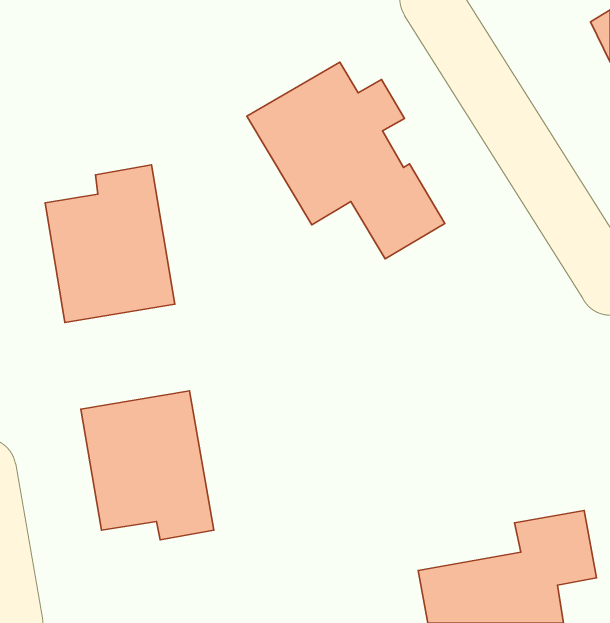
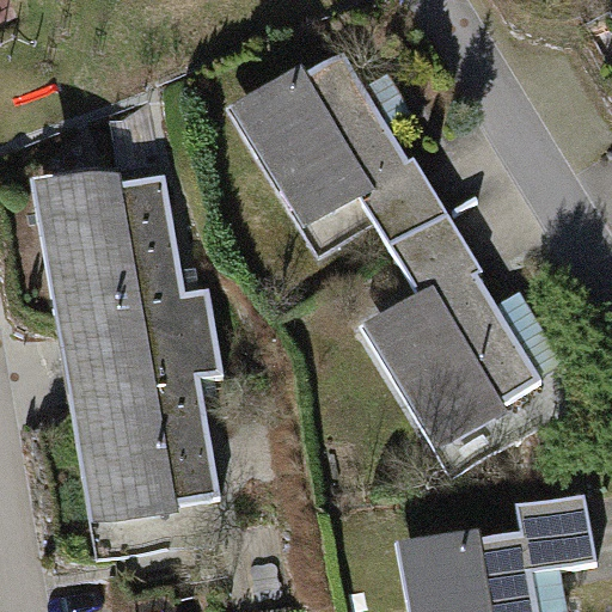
building: none -> [374,219,528,439]
building: none -> [63,293,210,400]

